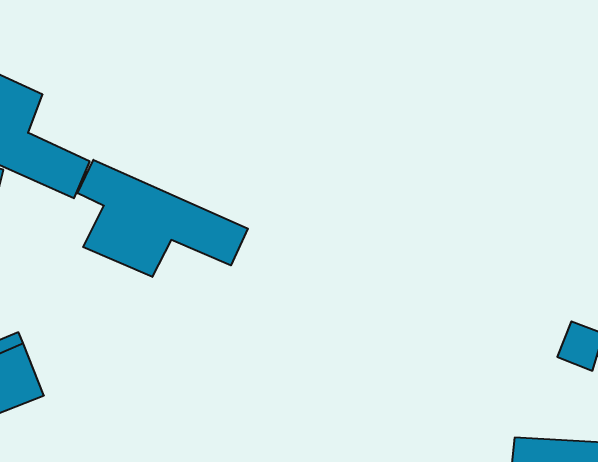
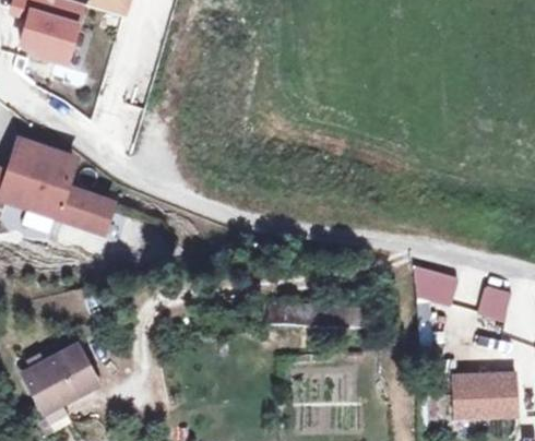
building: [77,160,248,277] -> none
building: none -> [409,264,460,305]

